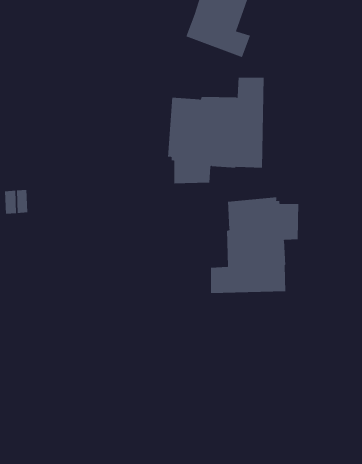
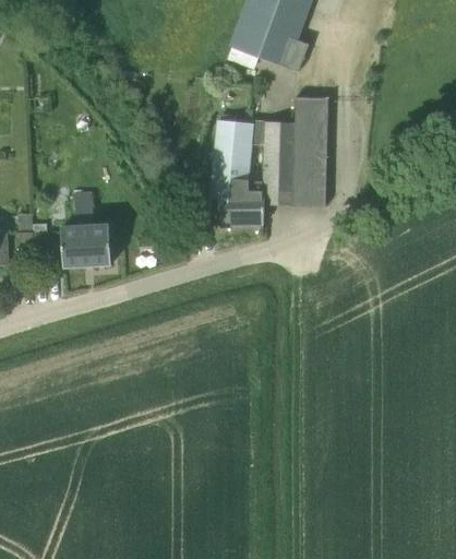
building: none -> [62,187,111,266]
building: [211,197,299,294] -> none

